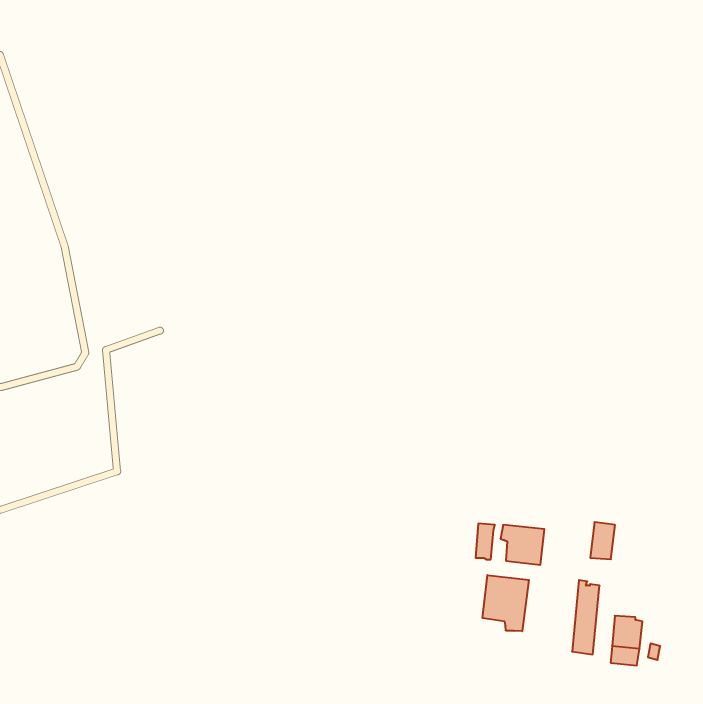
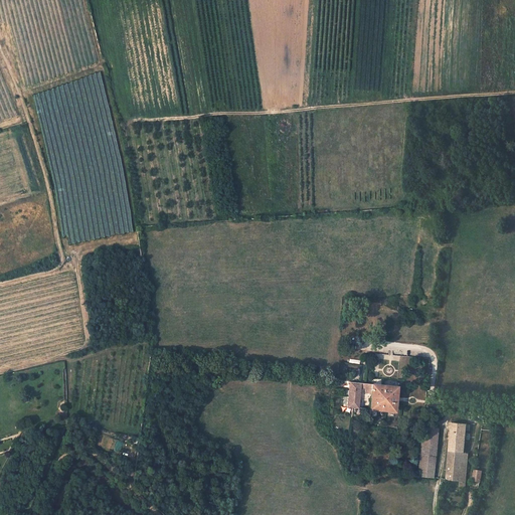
building: [590,522,615,559] -> [450,423,468,451]
building: [483,575,529,631] -> none

